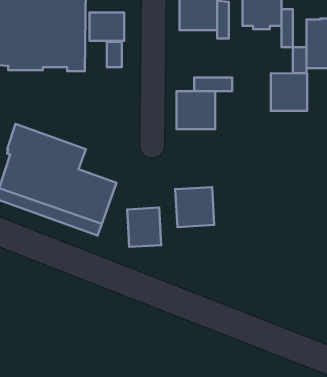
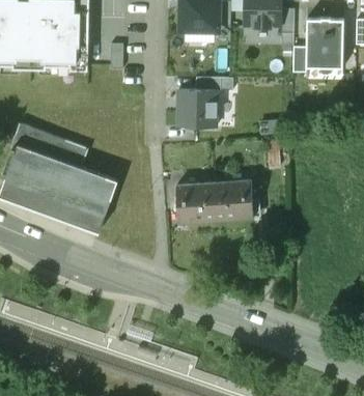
building: [89,12,124,41] -> none
building: [271,73,307,111] -> none
building: none -> [213,183,253,223]
building: [127,208,161,247] -> none

